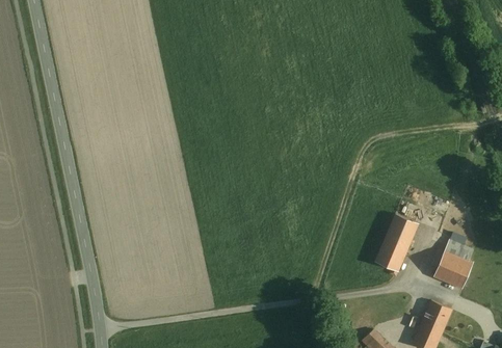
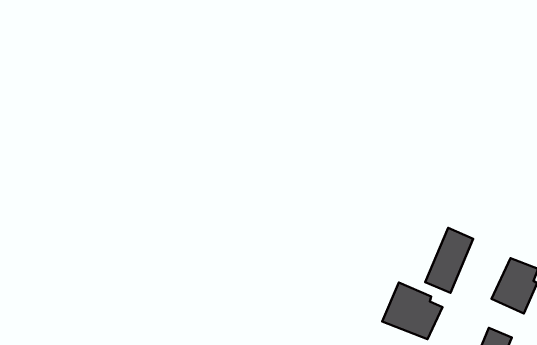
building: none -> [382,283,443,339]

